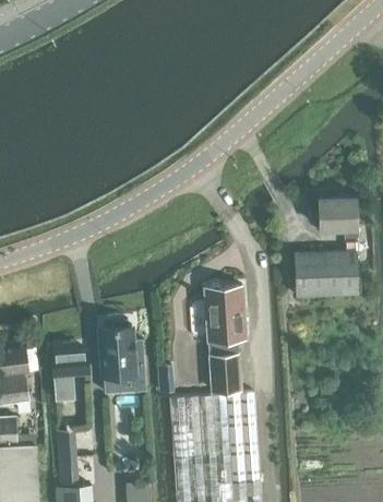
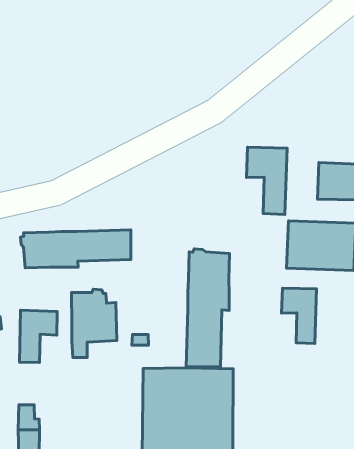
building: none -> [246,147,287,215]
building: none -> [21,230,131,268]
building: none -> [282,288,317,344]

